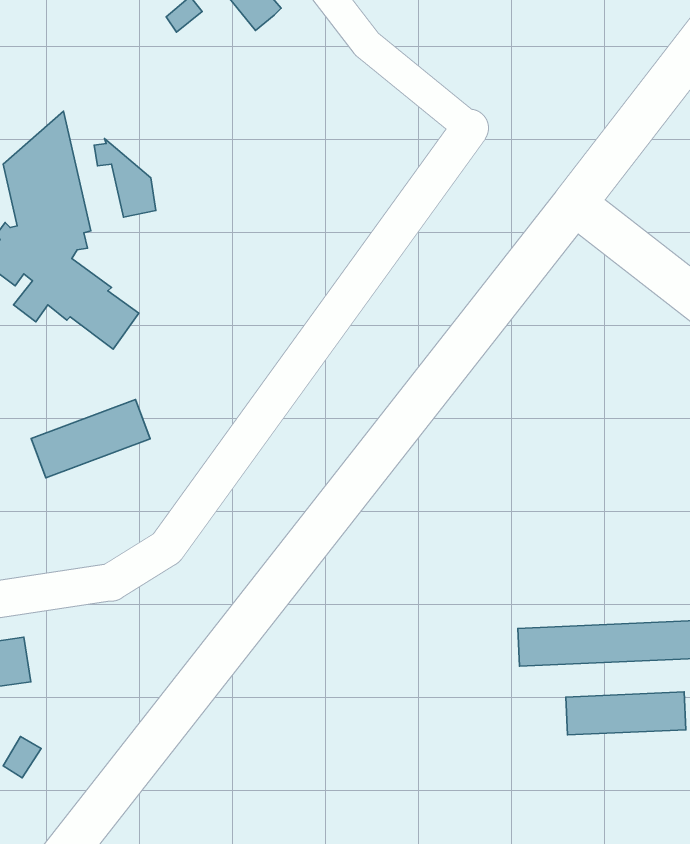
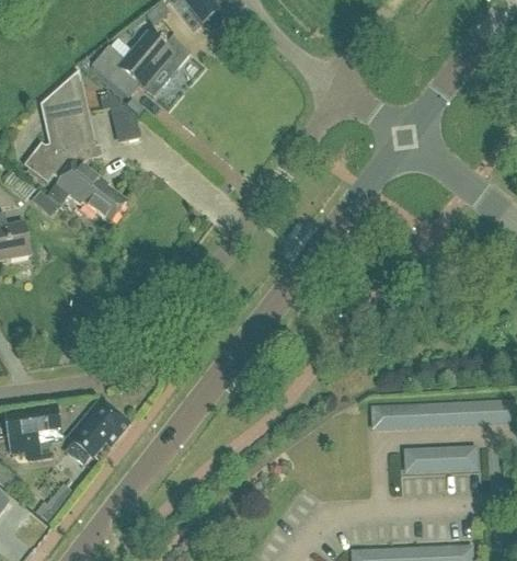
building: none -> [92,34,191,100]
building: [31,399,150,478] -> none
building: none -> [69,399,129,457]

